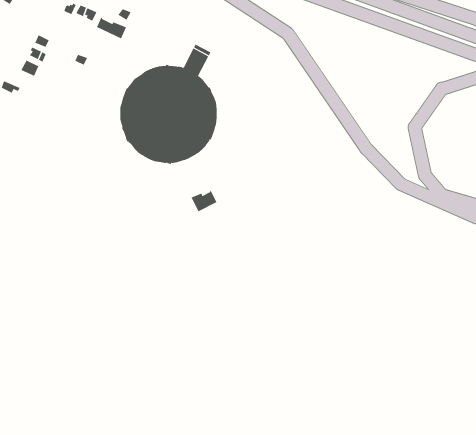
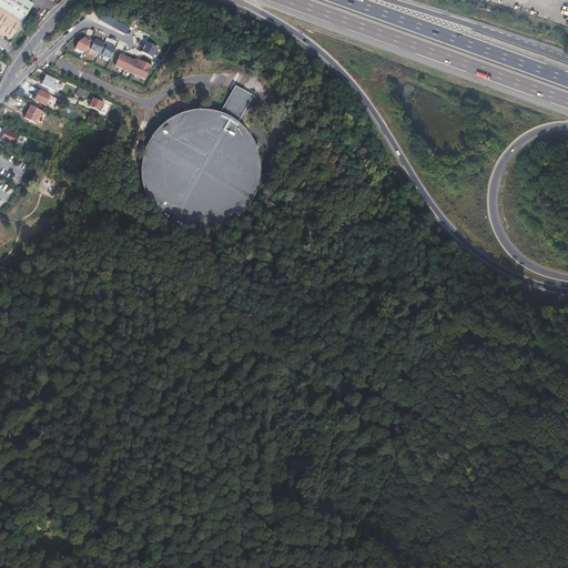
building: [191,190,217,212] -> none

